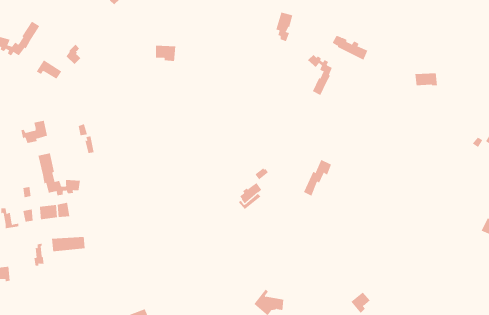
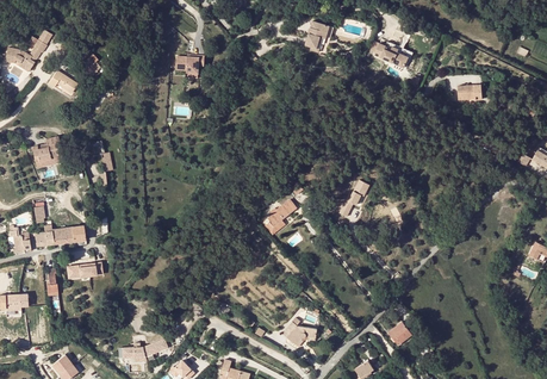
building: [307,54,333,96] -> none
building: [38,153,80,196] -> none

